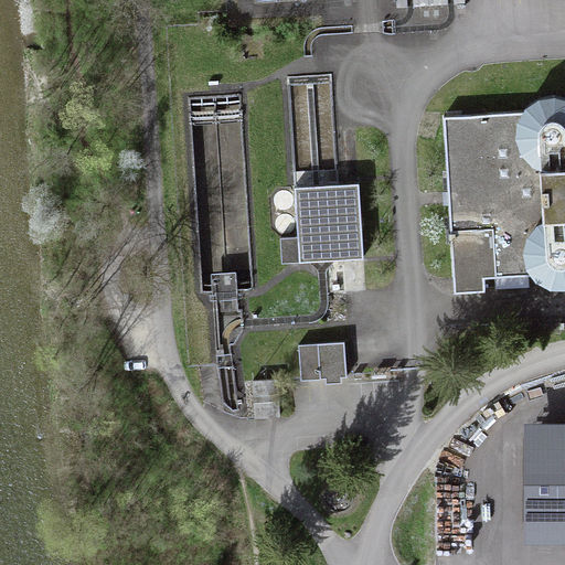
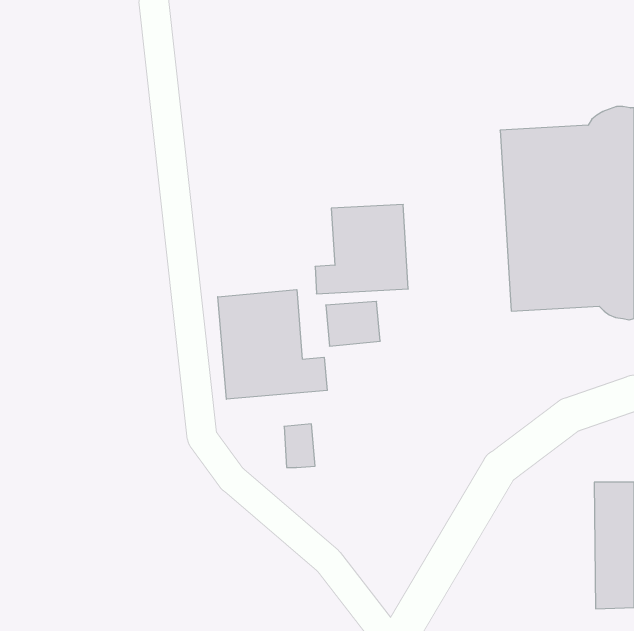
building: none -> [218,290,327,399]
building: [298,342,347,382] -> [326,301,380,346]

